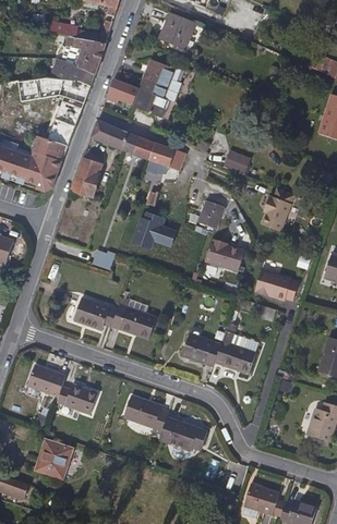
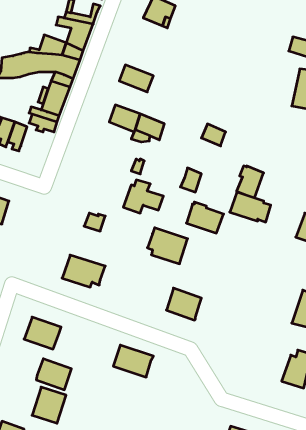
building: [139,59,182,102] -> none
building: [105,77,134,105] -> none
building: [87,119,128,150] -> none
building: [25,151,61,190] -> none
building: [69,151,94,196] -> none
building: [254,268,299,301] -> [230,192,271,222]
building: [111,301,155,340] -> [147,228,188,264]
building: [215,339,257,375] -> none
building: [59,380,97,414] -> [36,359,71,390]
building: [157,410,209,450] -> none

